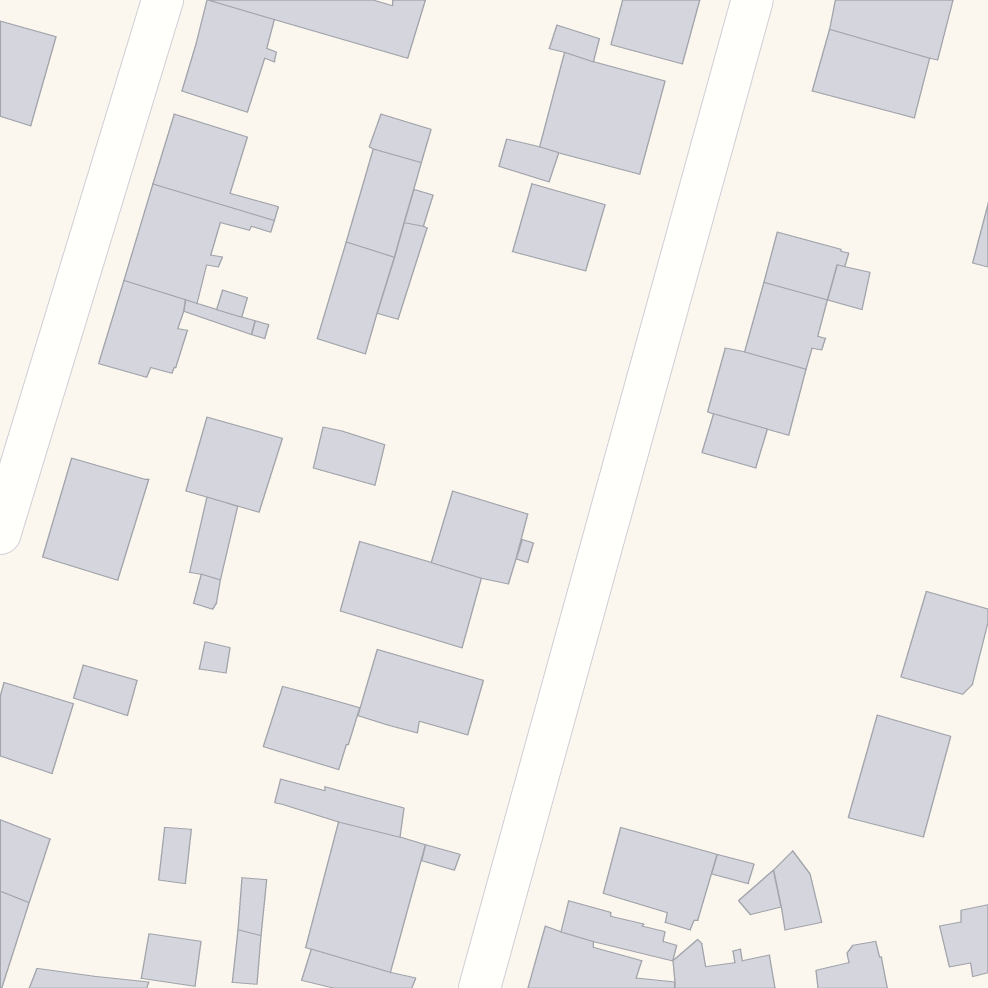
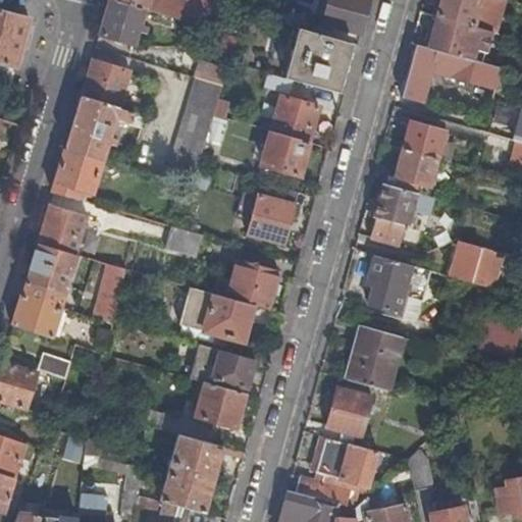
building: none -> [402,44,500,103]
building: none -> [262,133,309,176]
building: none -> [246,195,294,245]
building: [186,417,282,512] -> [38,203,89,253]
building: none -> [449,241,491,285]
building: none -> [368,255,437,319]
building: none -> [13,294,62,335]
building: [263,686,360,770] -> [195,382,246,426]
building: [848,715,951,837] -> [348,325,402,389]
building: none -> [326,386,371,435]

